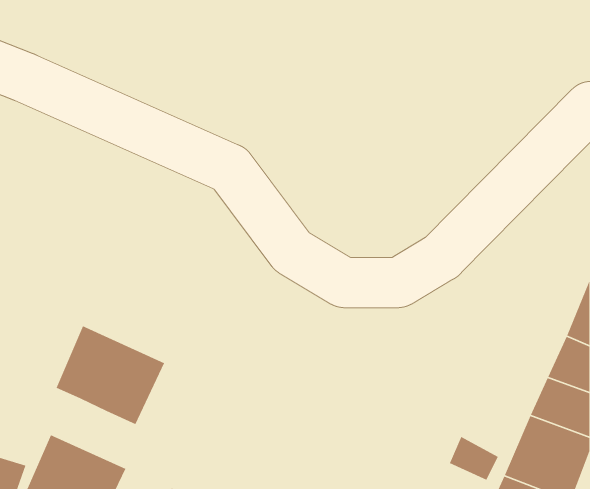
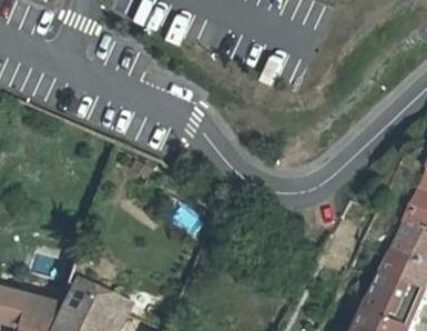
building: [56,325,165,425] -> none

